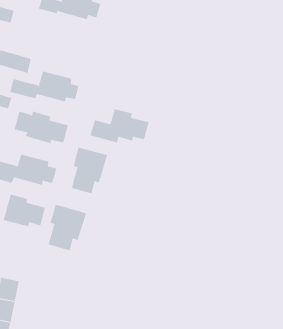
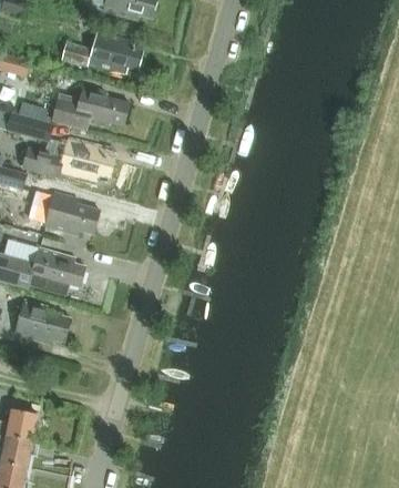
building: [89,108,150,143] -> [51,84,130,130]
building: [71,147,108,194] -> none
building: [48,204,87,251] -> none

